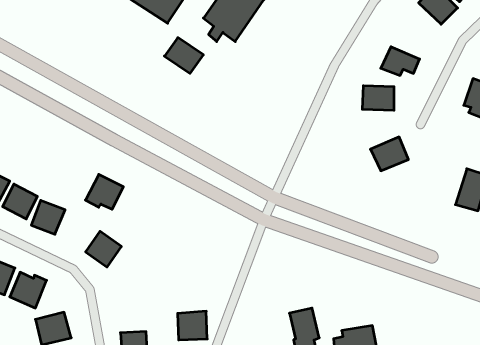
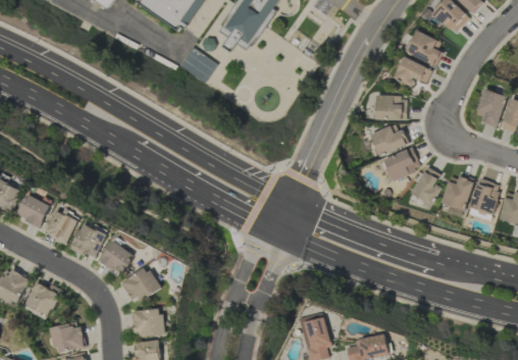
building: none -> [405,31,444,65]
building: none -> [369,123,407,156]
building: none -> [410,166,441,206]
building: none -> [441,175,472,211]
building: [85,174,123,209] -> [69,223,107,258]
building: none -> [121,267,159,303]
building: [178,311,207,340] -> [134,309,163,338]

